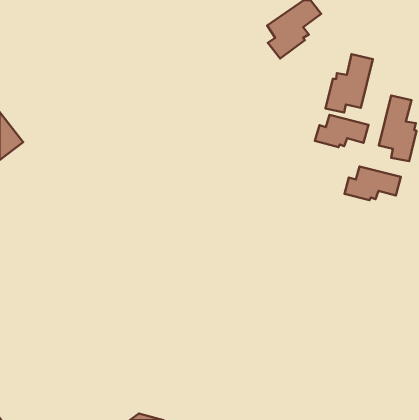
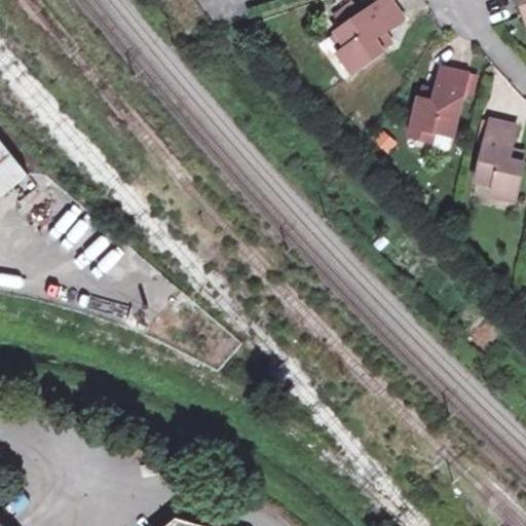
building: [315,115,368,147] -> none
building: [344,167,401,200] -> none

